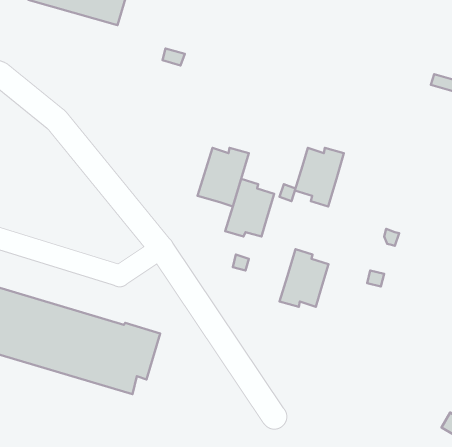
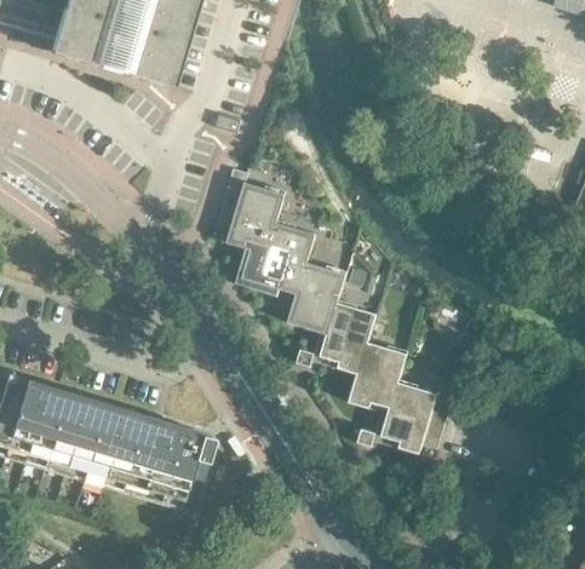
building: none -> [217,166,283,294]
building: [295,148,344,206] -> [322,304,378,370]
building: none -> [384,380,458,450]

